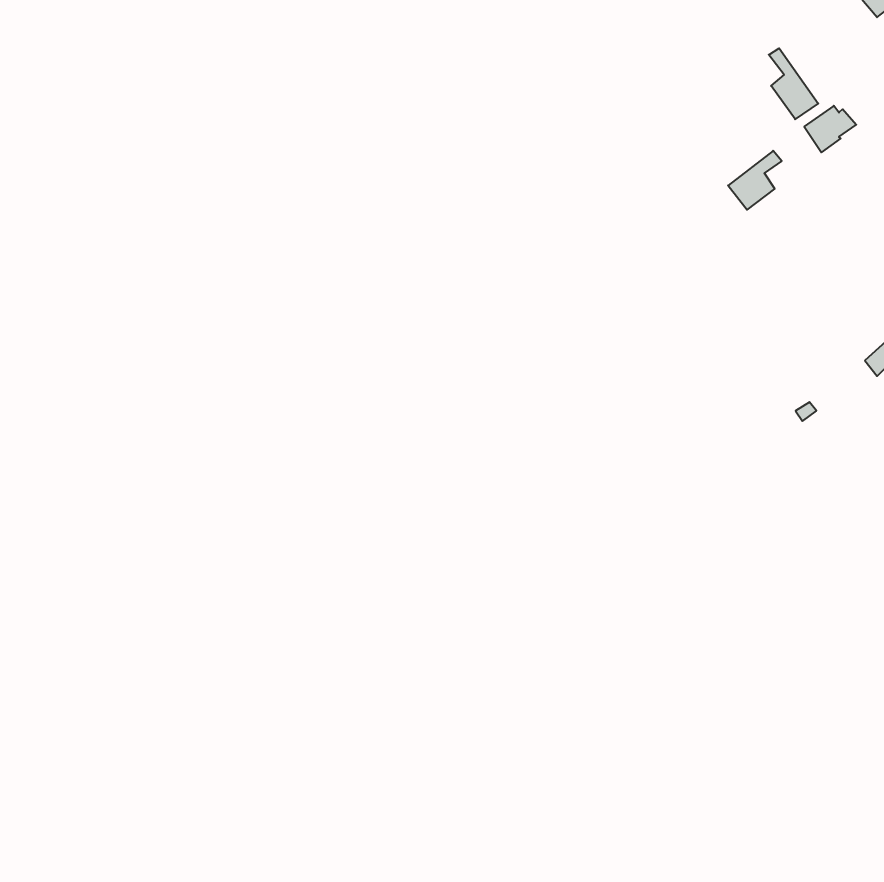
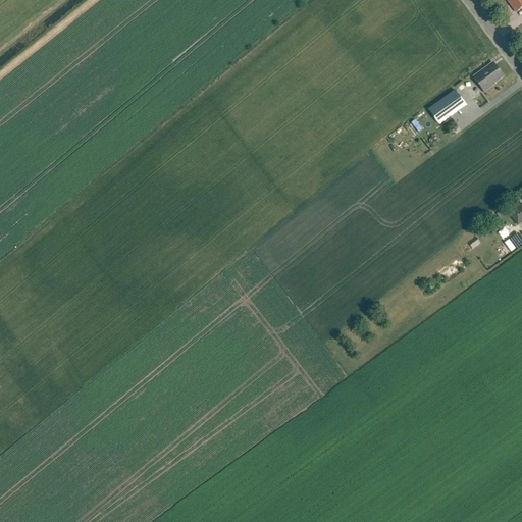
building: [769,48,818,119] -> none

